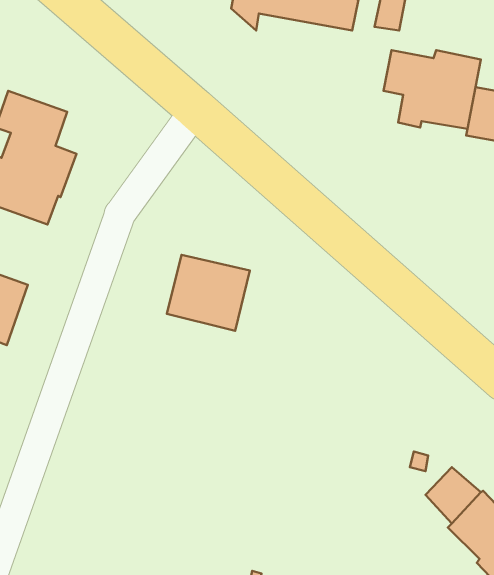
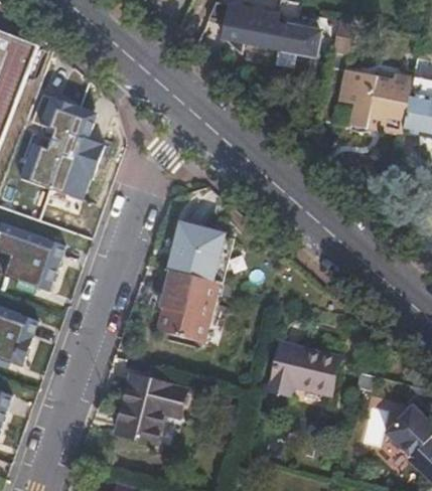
building: none -> [160,269,220,341]
building: none -> [276,342,345,393]
building: none -> [118,376,188,444]

